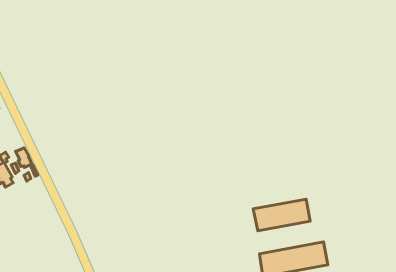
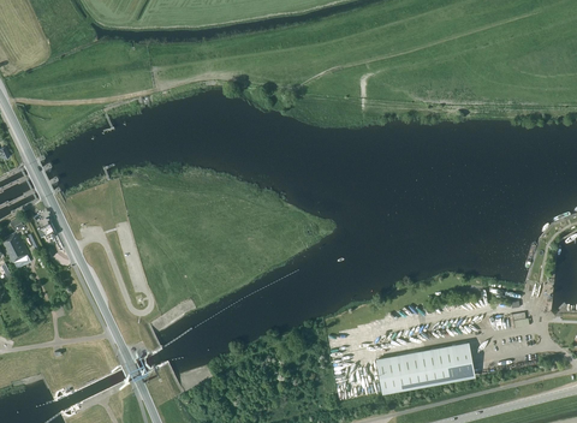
building: [253,199,310,231] -> none

